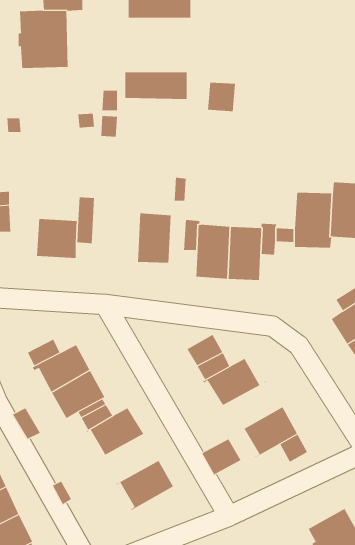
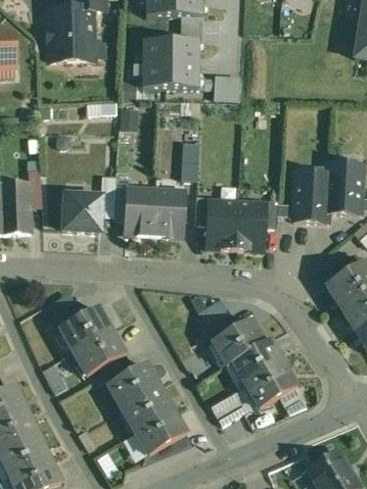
building: none -> [142,41,198,64]
building: none -> [125,189,155,234]
building: none -> [225,340,283,384]
building: none -> [121,387,173,432]

